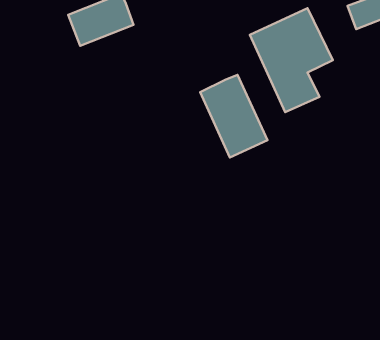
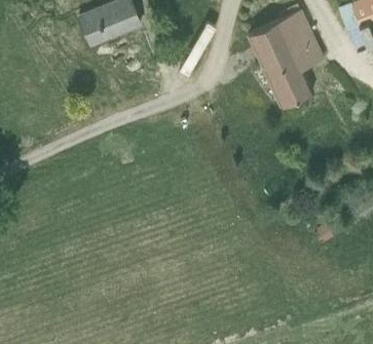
building: [200,75,267,157] -> none

